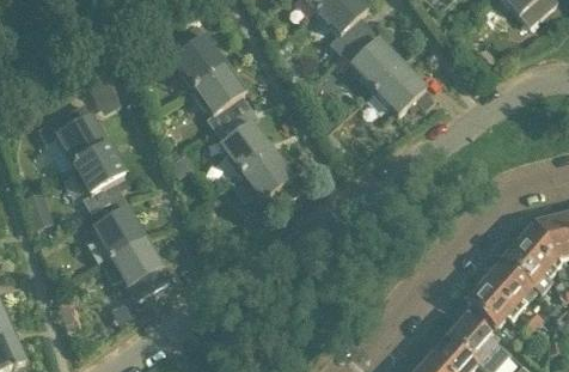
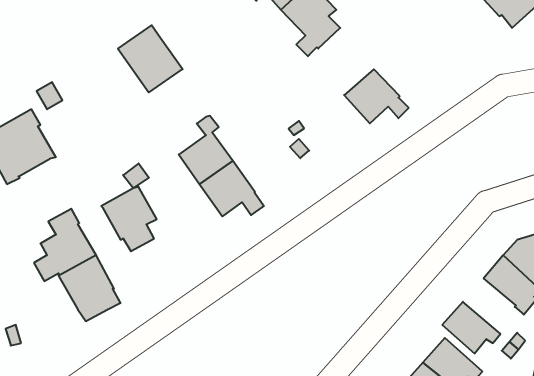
building: [342,26,402,89] -> none
building: [194,65,250,130] -> none
building: [73,146,124,206] -> [101,187,157,251]
building: [484,258,533,310] -> none

